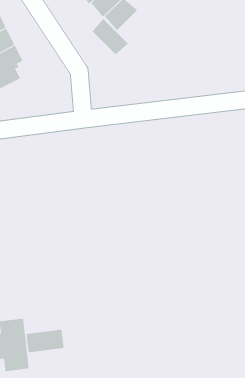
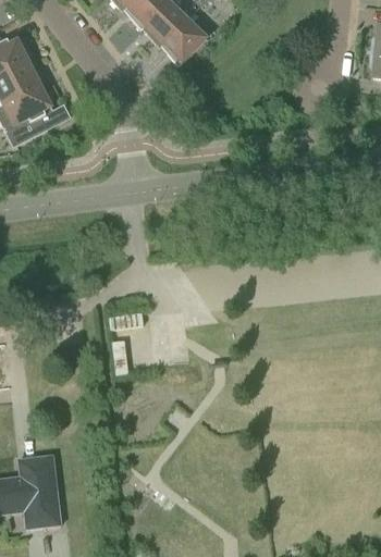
building: [92,18,129,55] -> none
building: [26,329,64,353] -> none

